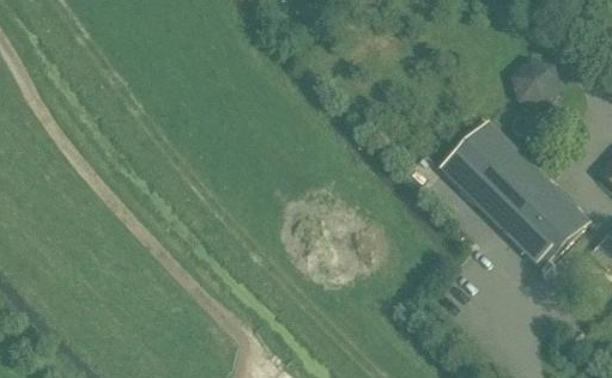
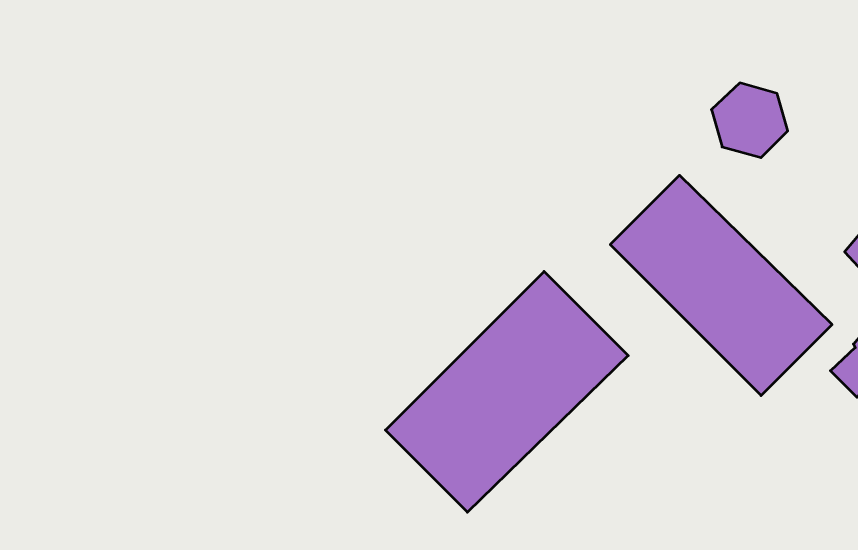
building: none -> [385,271,628,512]

